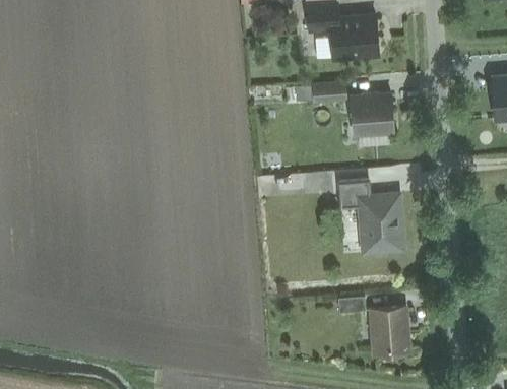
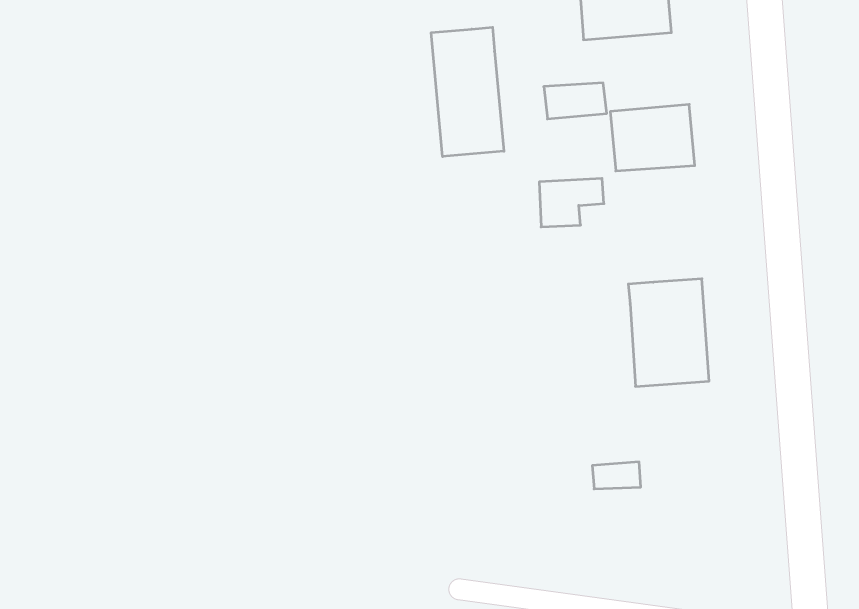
building: none -> [431,27,504,157]
building: [335,180,372,207] -> [539,178,604,227]
building: [370,305,413,353] -> none

